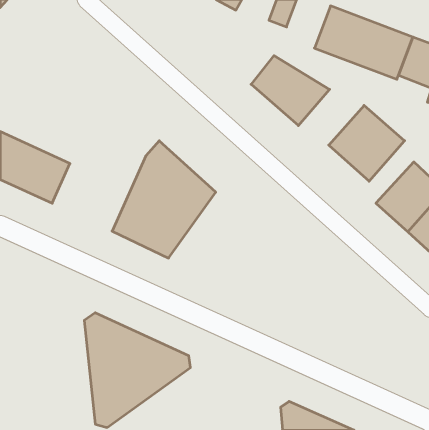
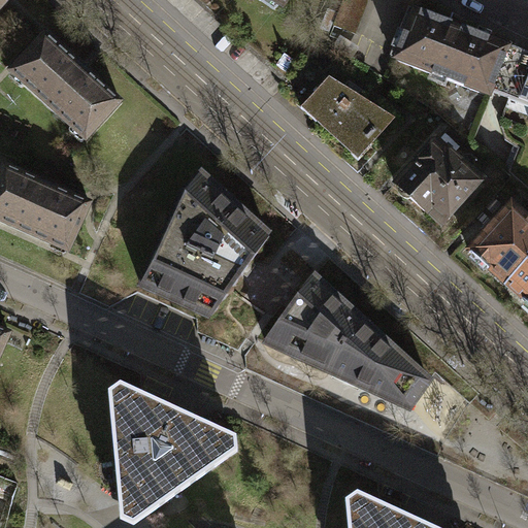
building: none -> [22,27,127,130]
building: none -> [268,275,432,408]

